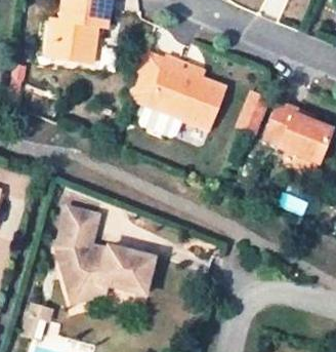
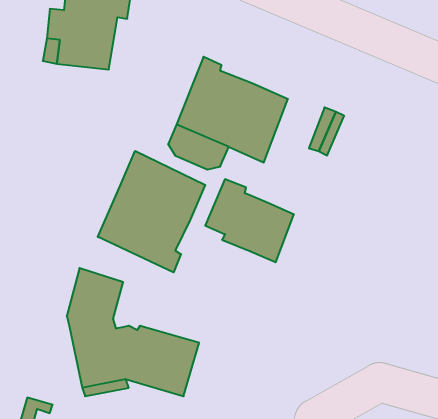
building: [261,100,326,160] -> [205,179,294,262]
building: none -> [98,151,205,272]

